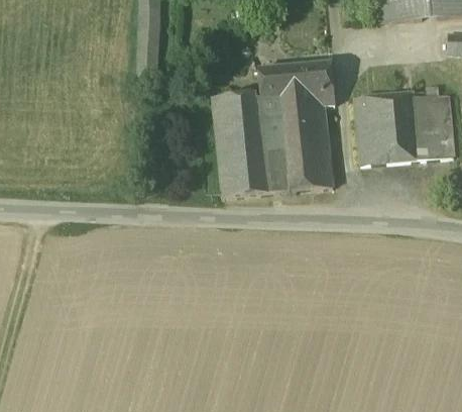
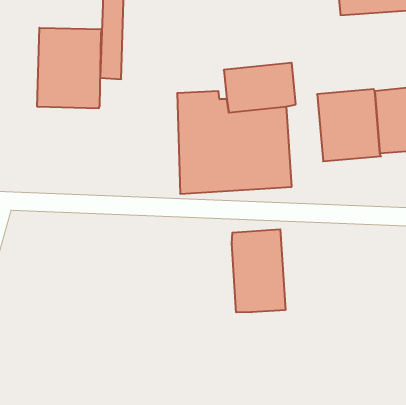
building: none -> [37,28,102,108]
building: none -> [232,229,285,312]

